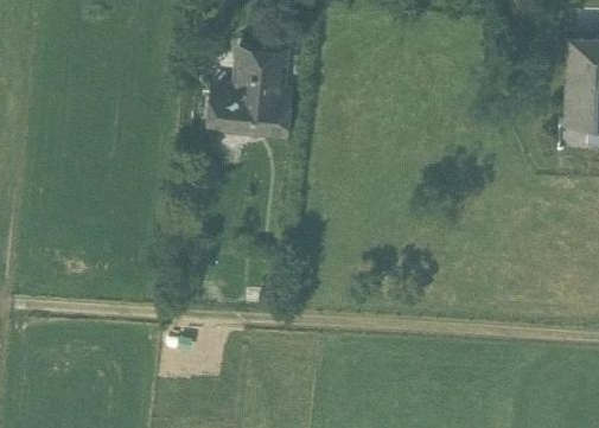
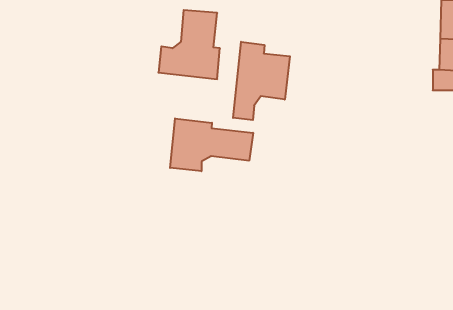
building: none -> [233,42,290,120]
building: none -> [170,118,253,171]

